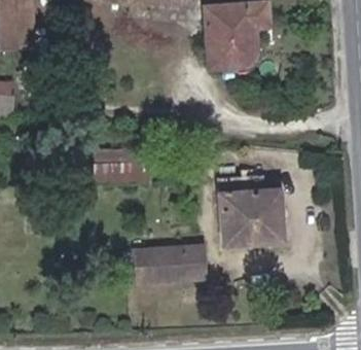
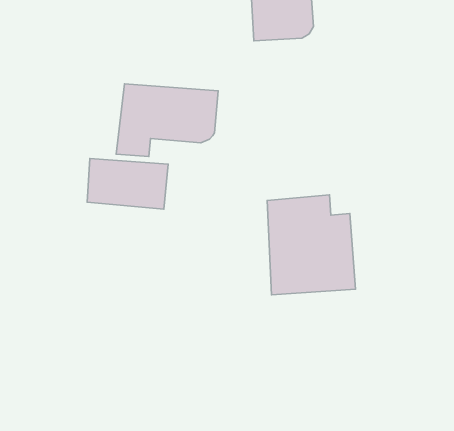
building: none -> [116,84,218,156]
building: [136,244,202,278] -> none

